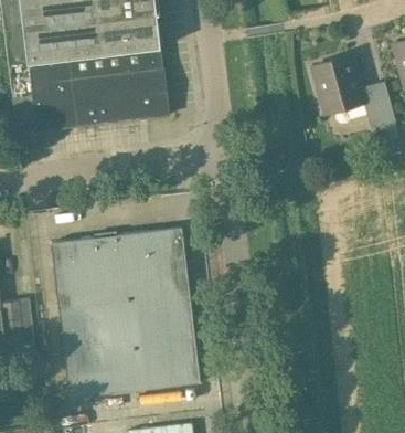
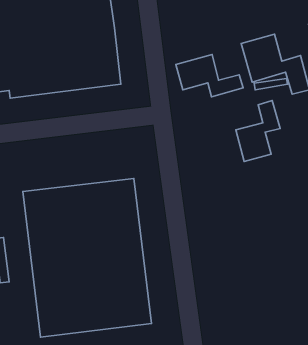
building: none -> [176,54,243,97]
building: none -> [236,101,280,162]

